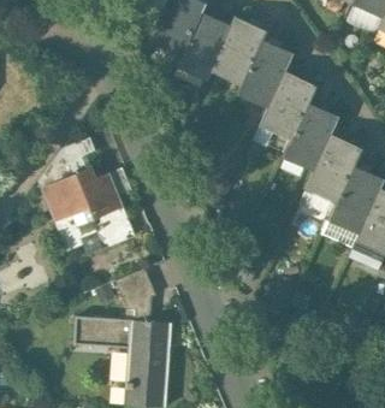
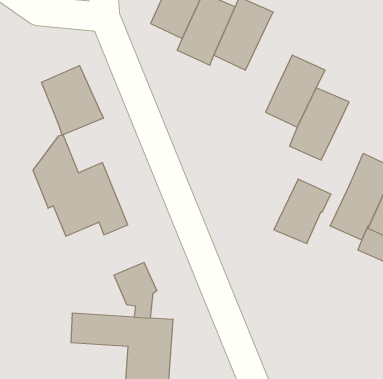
building: [239,40,292,101] -> none
building: none -> [41,66,103,135]
building: [307,134,361,195] -> [274,179,331,244]

